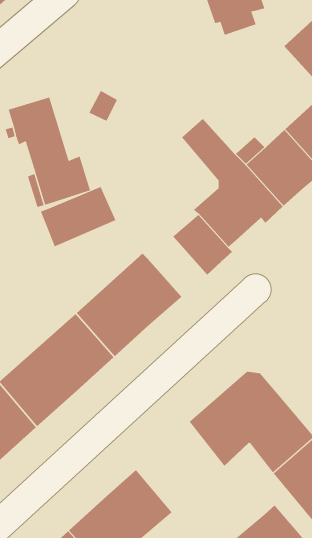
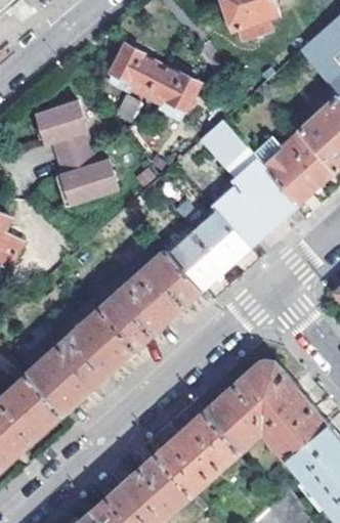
building: none -> [113,44,201,113]
building: [40,186,116,247] -> none
building: none -> [168,233,224,291]
building: none -> [157,409,241,495]

